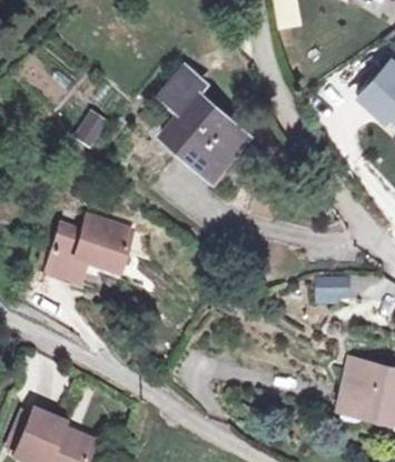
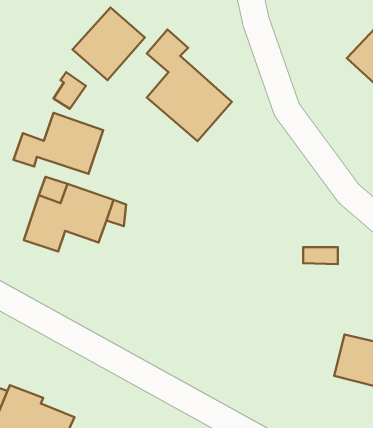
building: none -> [73,8,145,80]
building: none -> [14,113,103,174]

